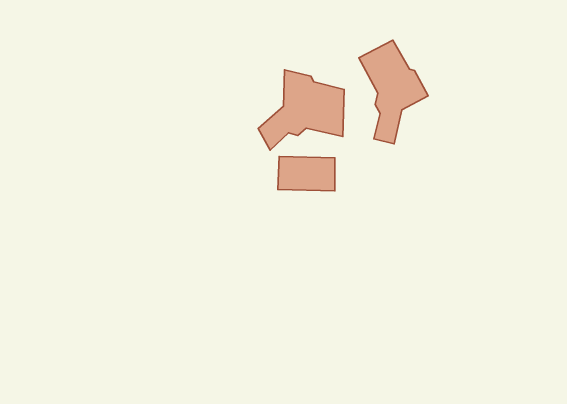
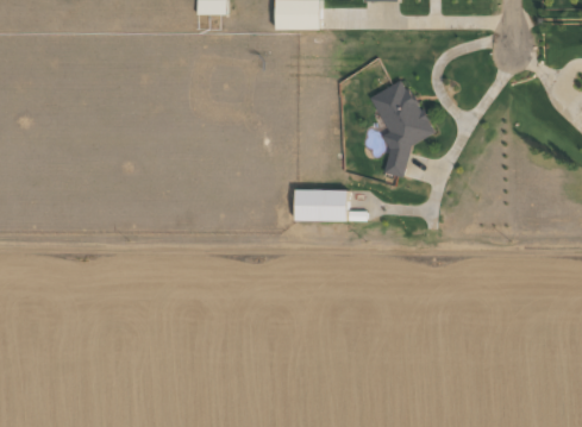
building: [258,70,344,150] -> none

